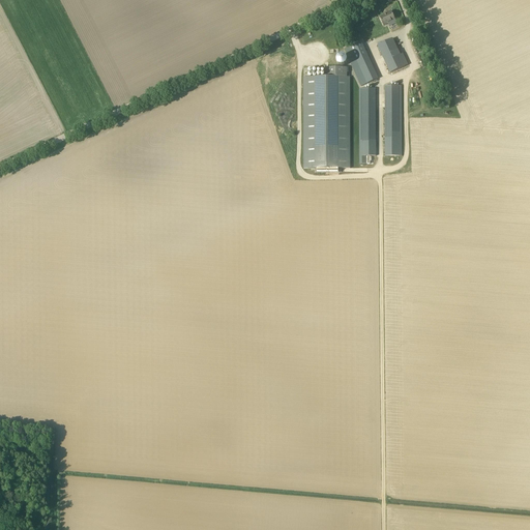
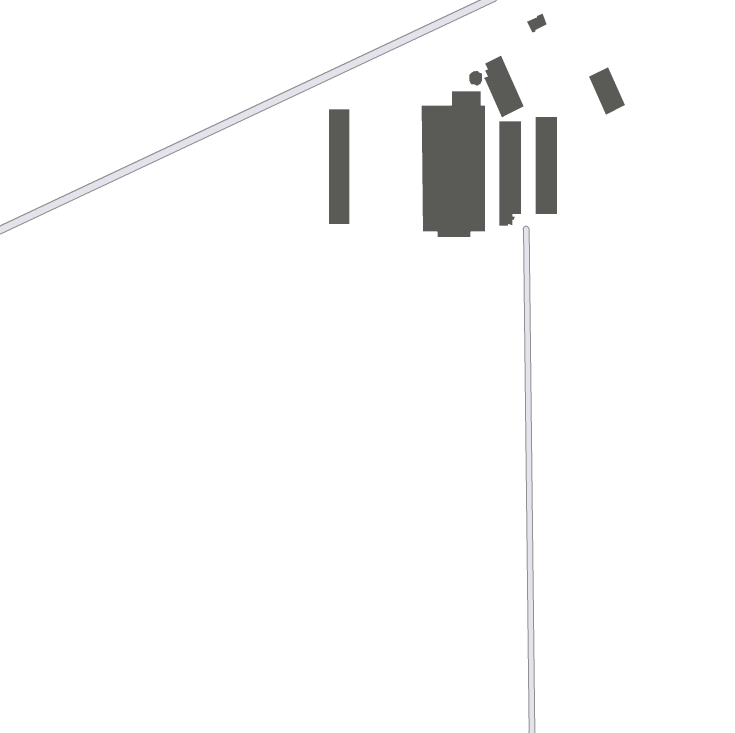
building: [377,36,404,71] -> [588,66,626,115]
building: none -> [328,108,350,225]

